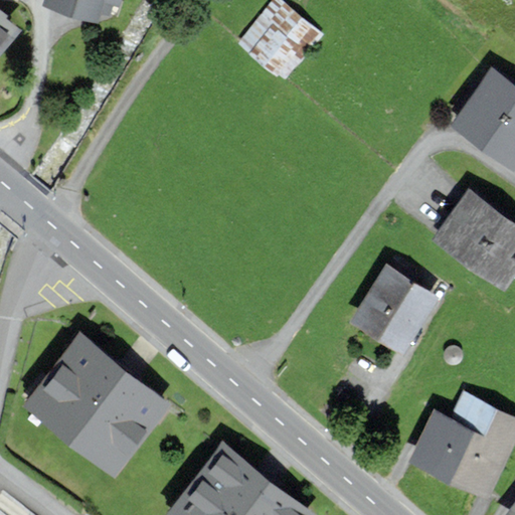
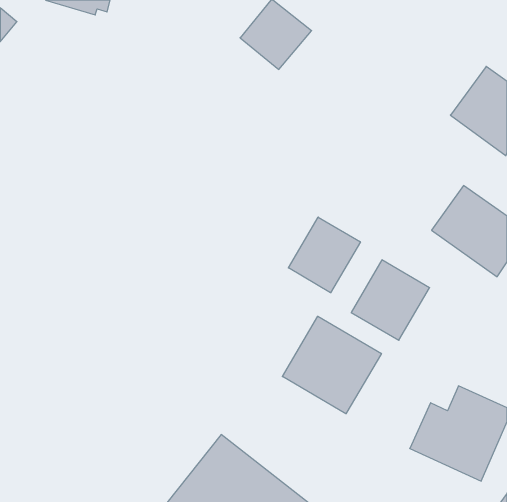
building: none -> [288,217,360,293]
building: none -> [282,316,381,414]
building: [27,335,167,469] -> none

